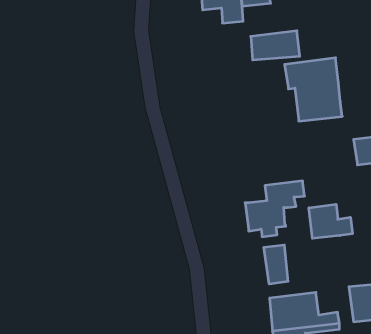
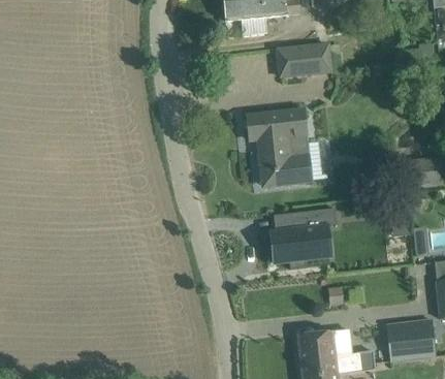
building: [285,58,342,121] -> [246,109,309,179]
building: [309,204,352,238] -> none
building: [264,245,288,284] -> none

